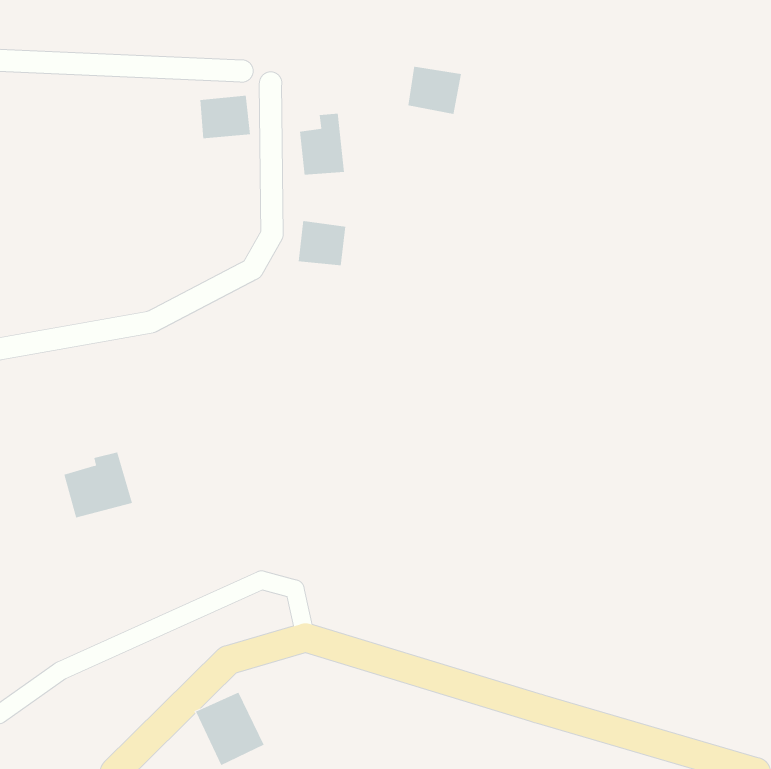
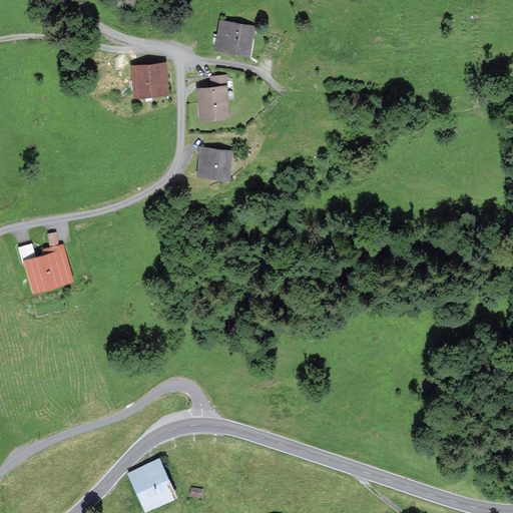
building: [407,66,462,115] -> [216,23,252,55]
building: [63,452,133,518] -> [25,246,71,291]

